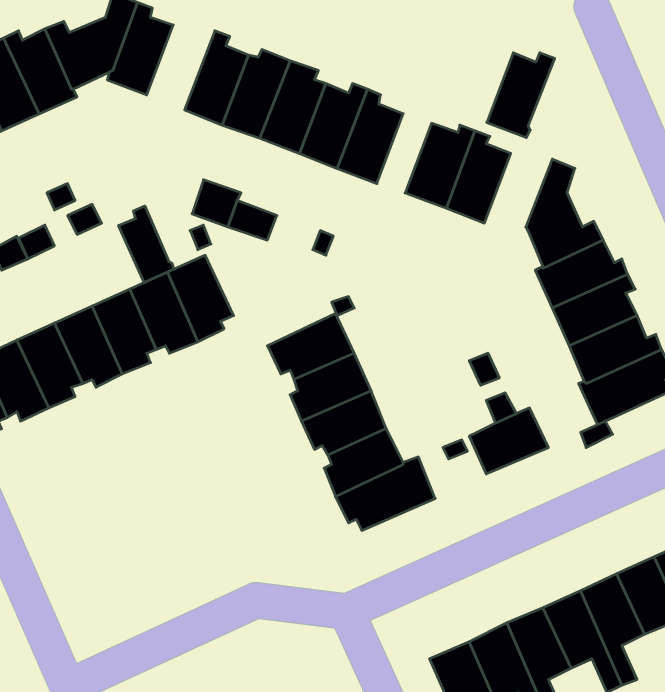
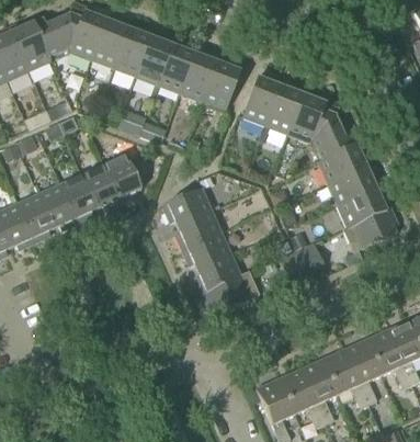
building: none -> [91,20,130,69]
building: [487,53,555,138] -> [287,94,327,144]
building: [119,206,174,283] -> none

